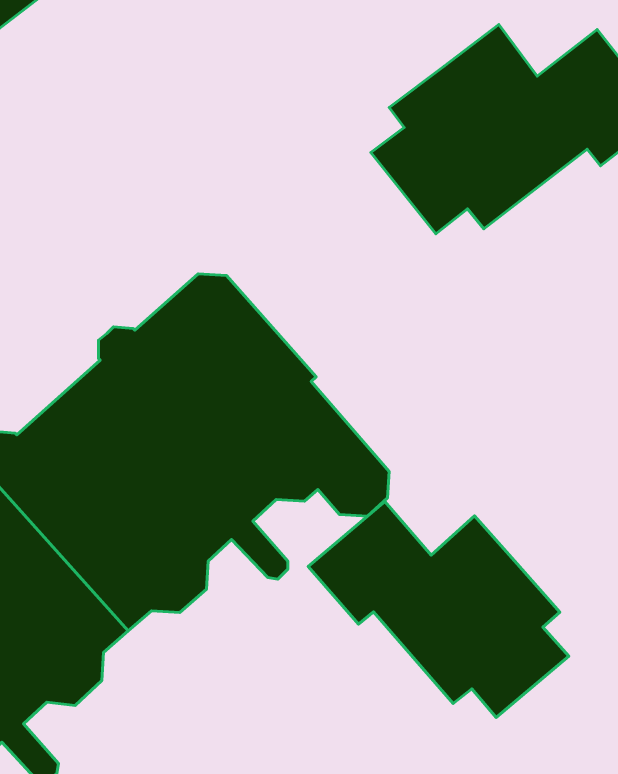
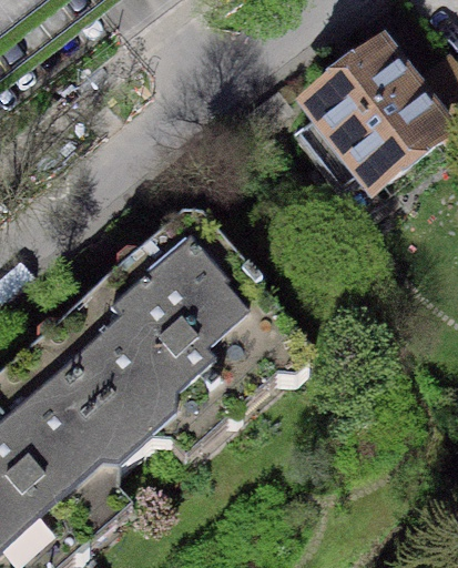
building: [308,502,569,717] -> none

